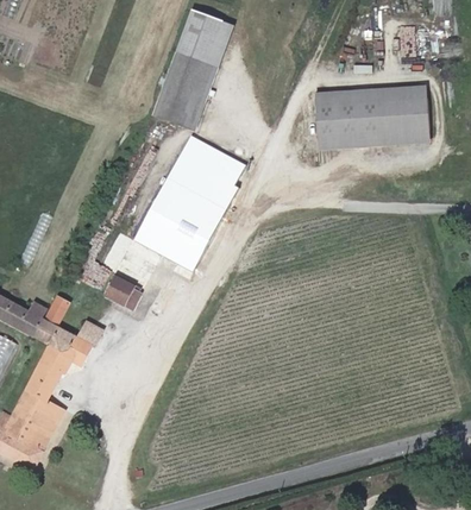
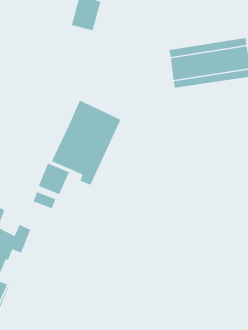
building: [156,48,209,121] -> none
building: [182,133,246,184] -> none

